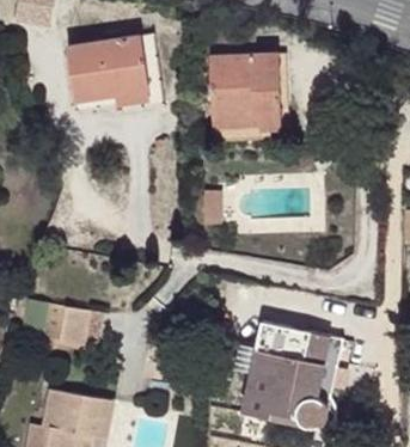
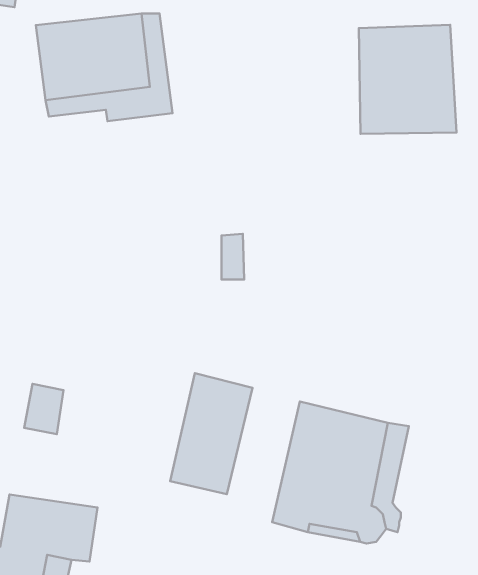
building: [209,56,281,136] -> [359,25,457,134]
building: none -> [170,373,253,494]

